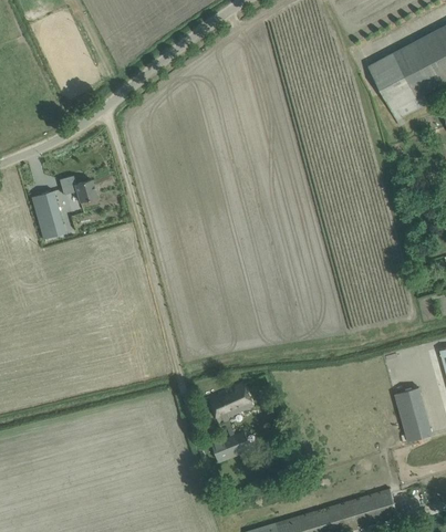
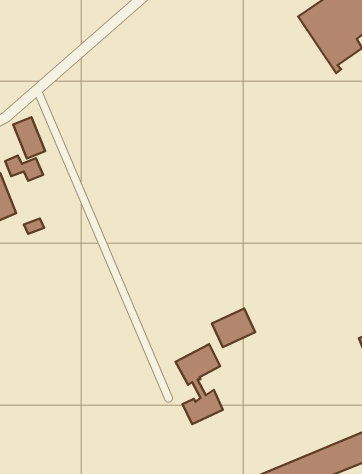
building: none -> [13,117,45,158]
building: none -> [212,308,255,347]

